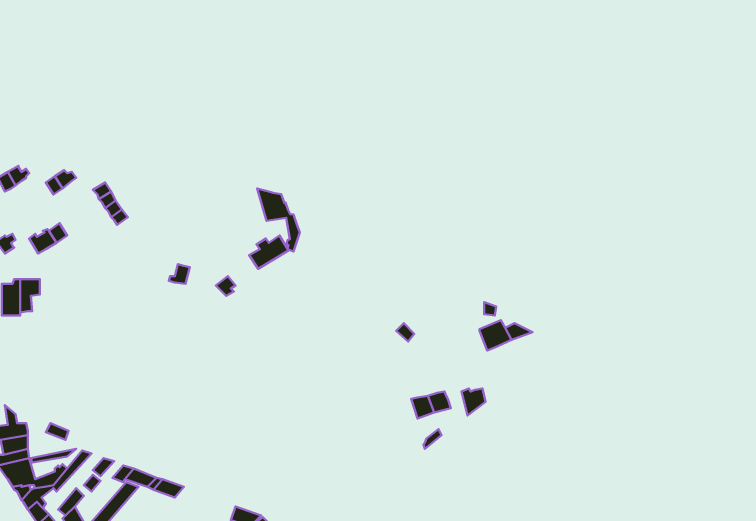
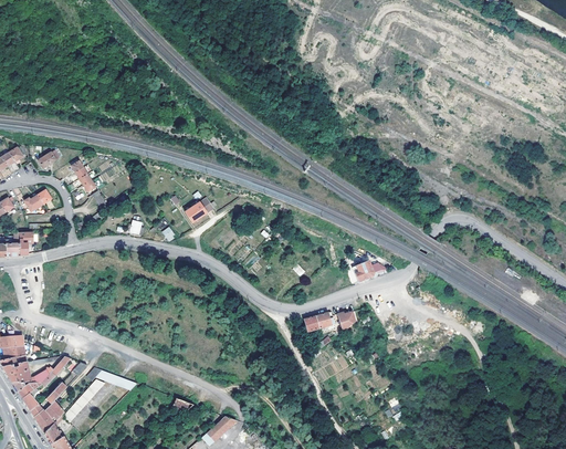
building: [257,188,300,251] -> none

